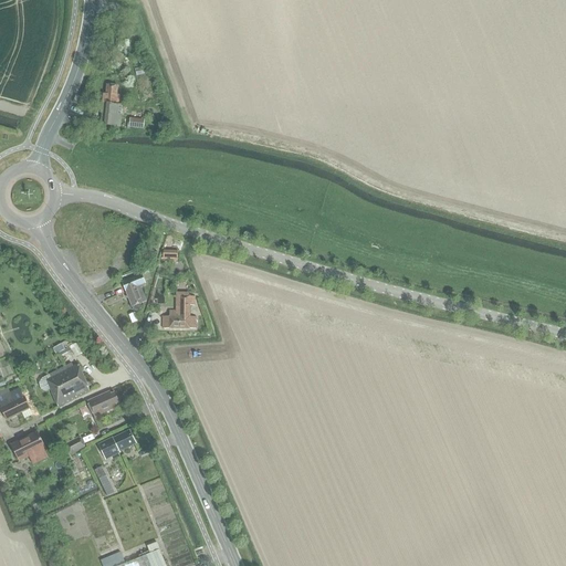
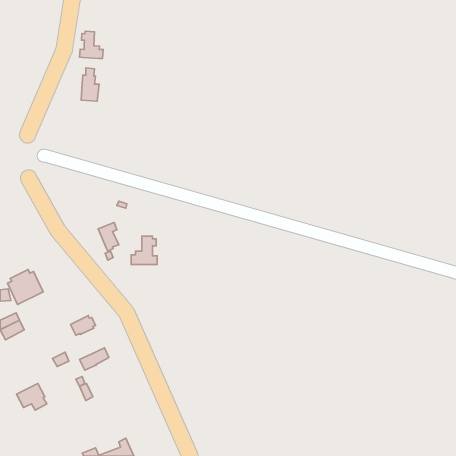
building: none -> [80,31,103,59]
building: [45,363,90,406] -> [8,270,43,304]
building: [10,431,48,464] -> [16,383,47,410]

